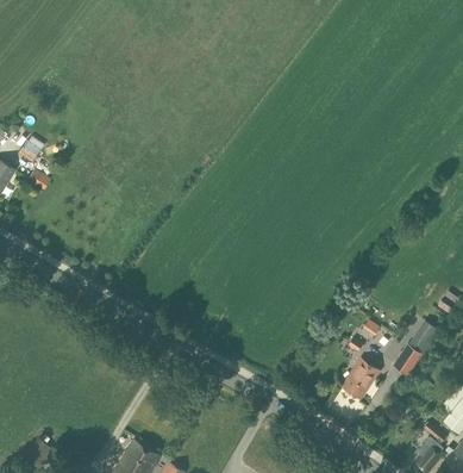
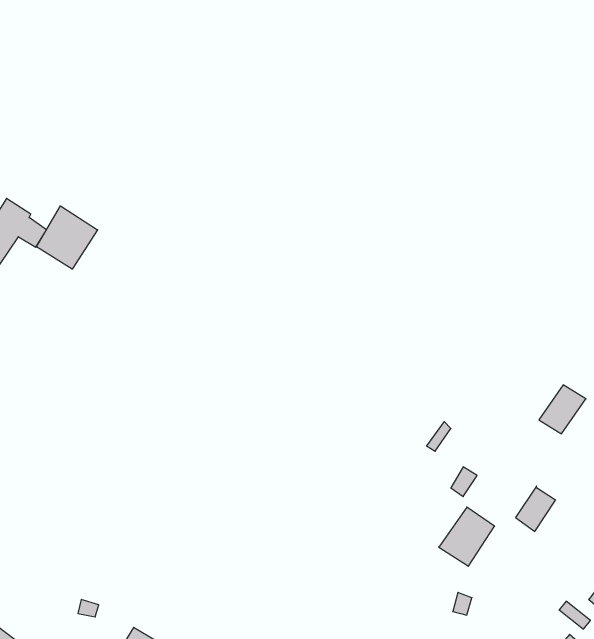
building: none -> [36,206,98,269]
building: [408,322,440,355] -> [539,385,586,434]

